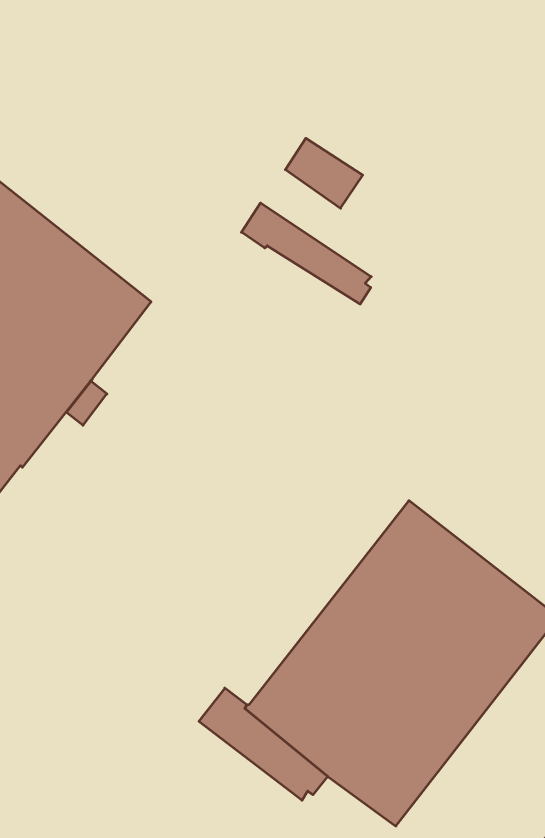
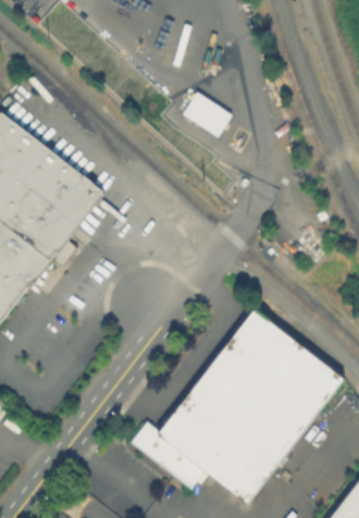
building: [241,203,371,304] -> none

